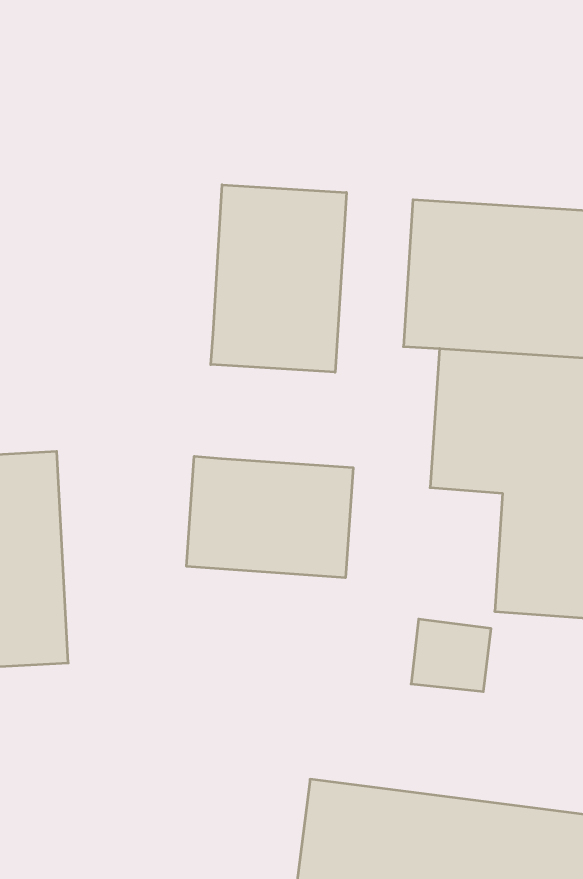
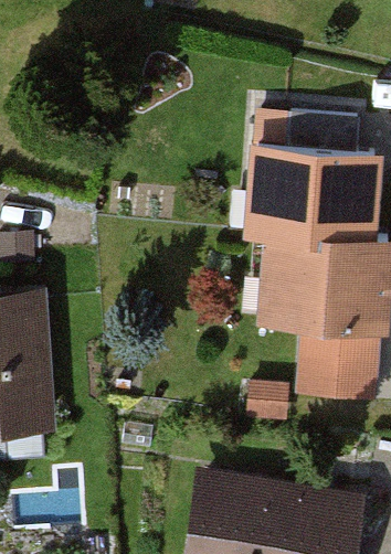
building: [211,185,346,372] -> none
building: [187,456,353,578] -> none

